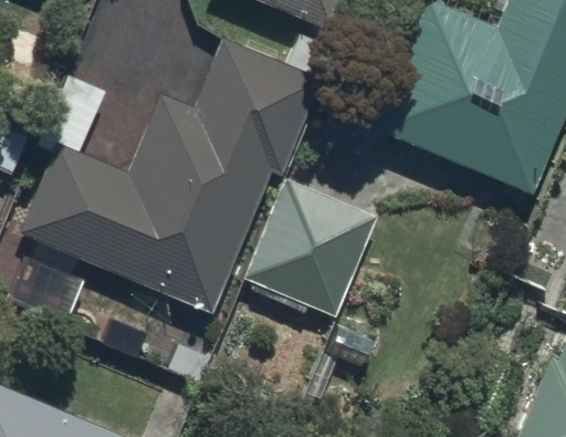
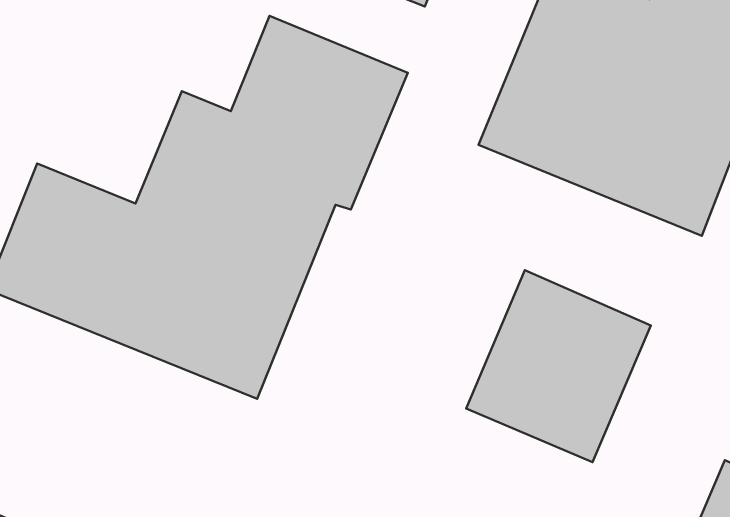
building: [245,178,378,316] -> [466,270,651,462]

